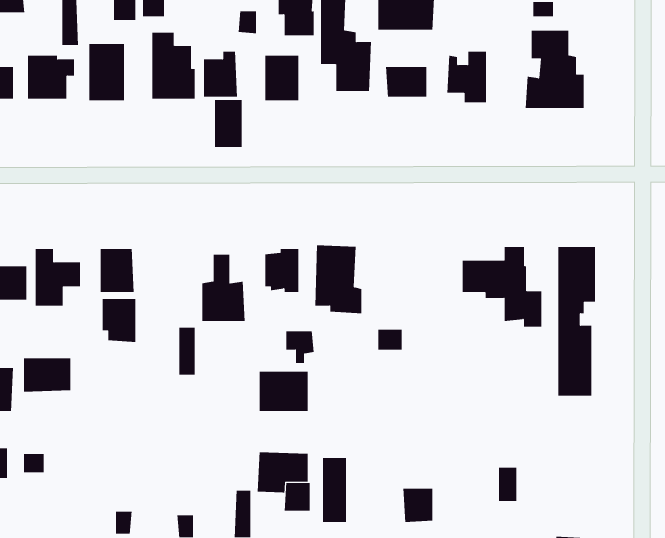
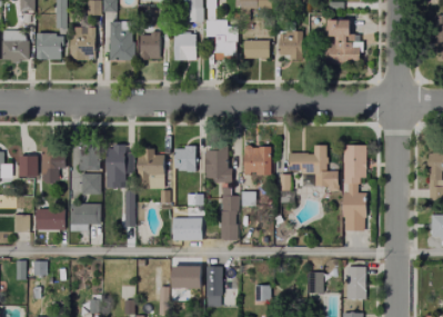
building: [214,99,242,148] -> none
building: none -> [107,145,134,188]
building: none -> [244,146,270,176]
building: none -> [220,187,235,239]
building: none -> [70,204,99,224]
building: none -> [346,266,363,298]

